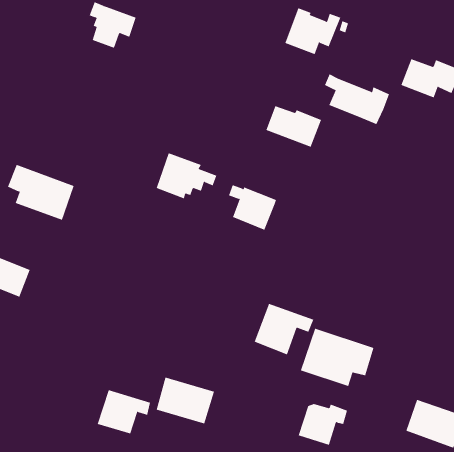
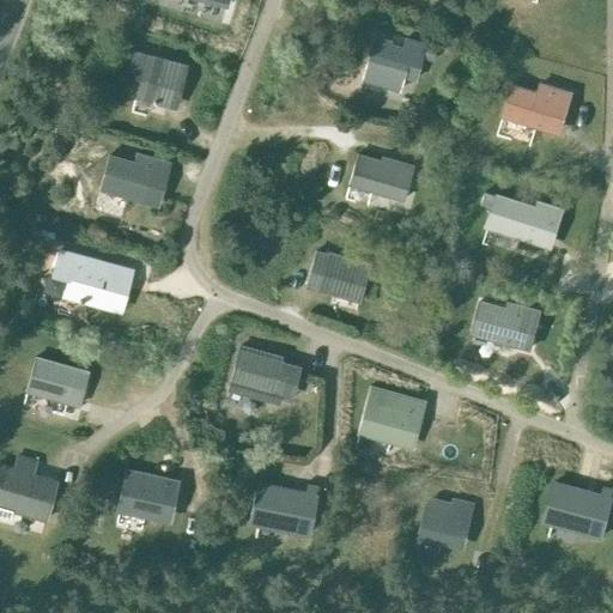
building: [324,74,390,125] -> [481,192,559,247]
building: none -> [102,154,171,207]
building: [156,153,217,199] -> [230,347,301,400]
building: none -> [473,303,541,351]
building: [300,328,374,387] -> none
building: [97,389,151,434] -> [117,471,178,521]

